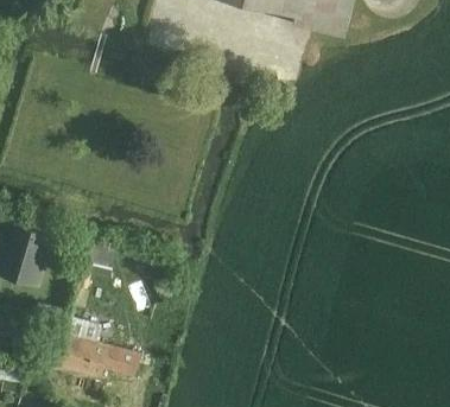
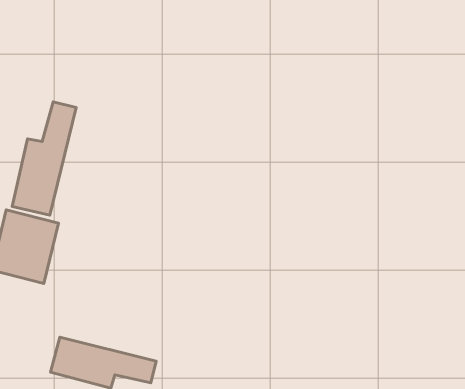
building: none -> [12,102,76,215]

